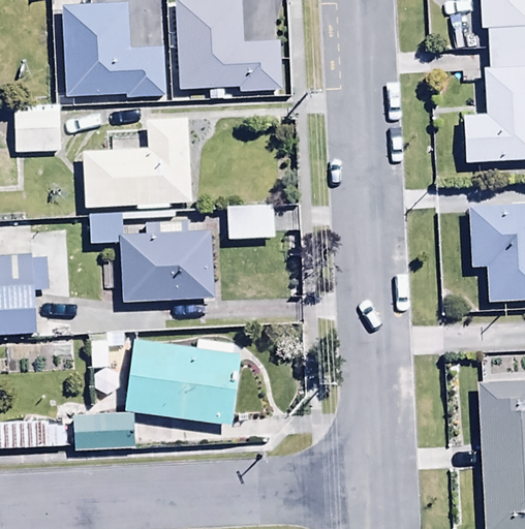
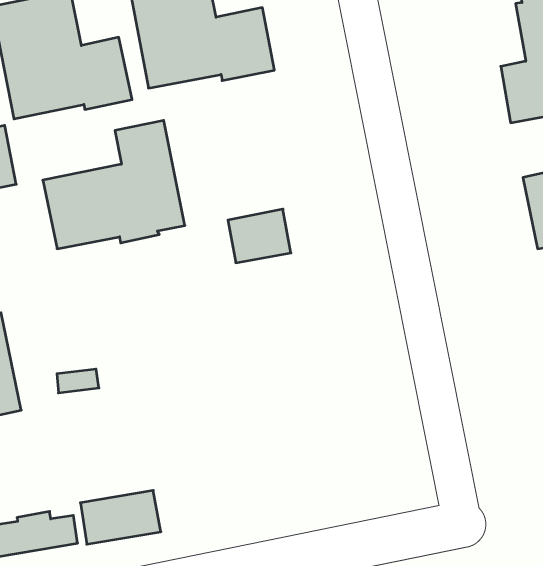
building: [120,221,215,301] -> none
building: [122,338,242,425] -> none

